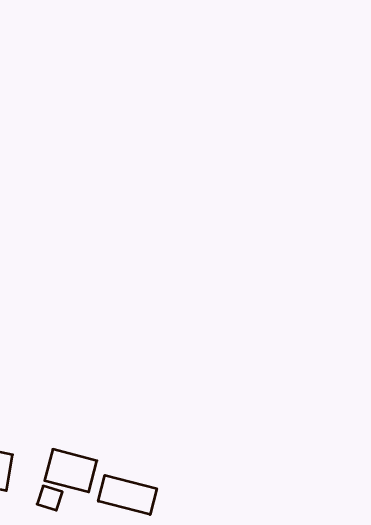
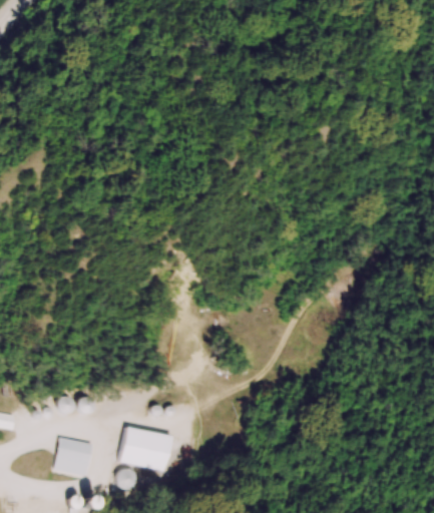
building: [98,475,157,515] -> none

